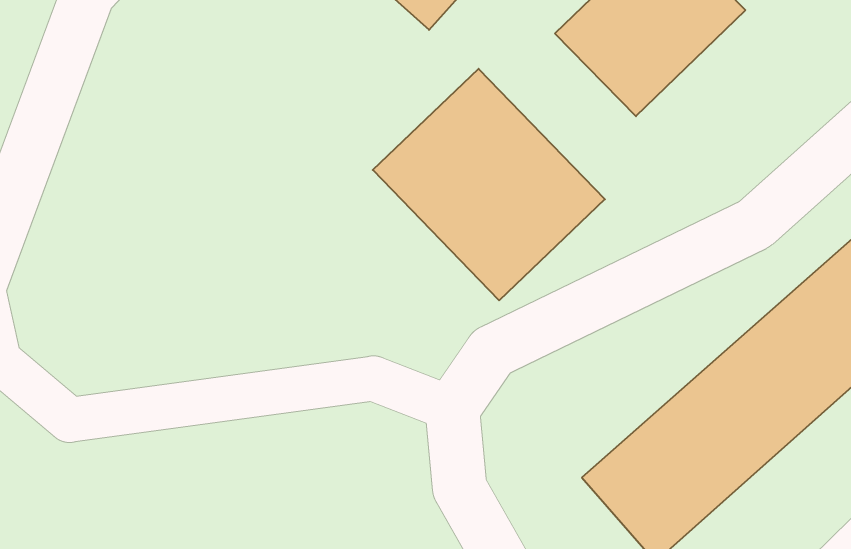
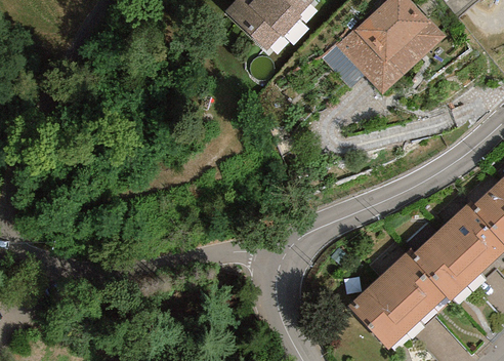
building: [373,69,605,300] -> none

